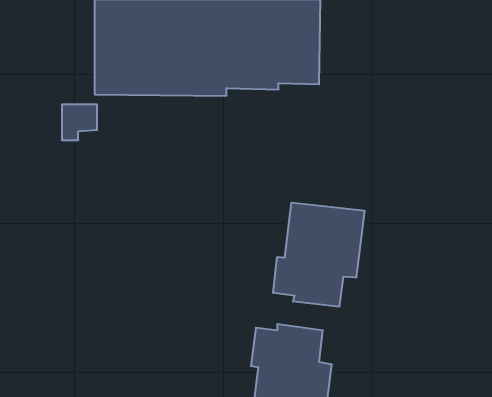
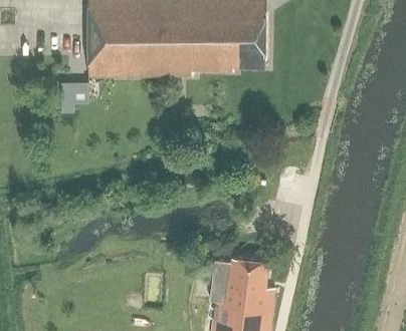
building: [273,203,364,307] -> none

